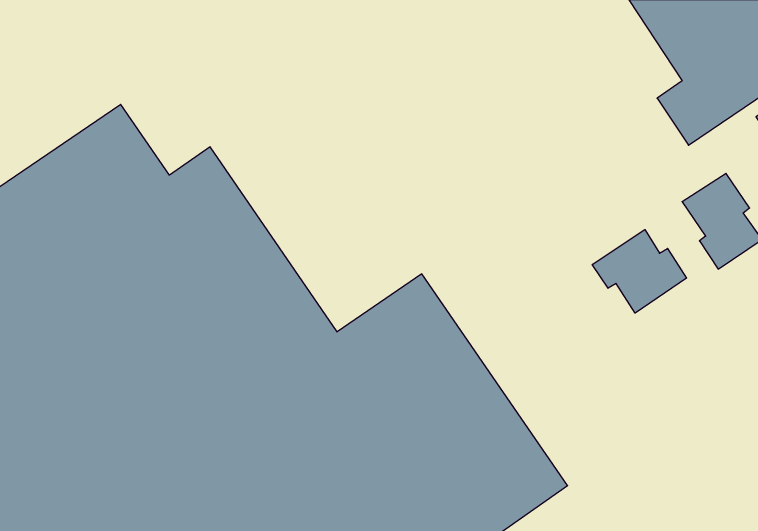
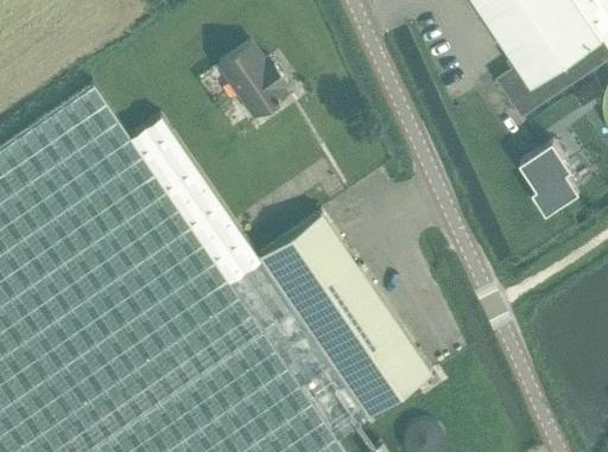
building: none -> [218,44,286,116]
building: [592,230,687,313] -> none

